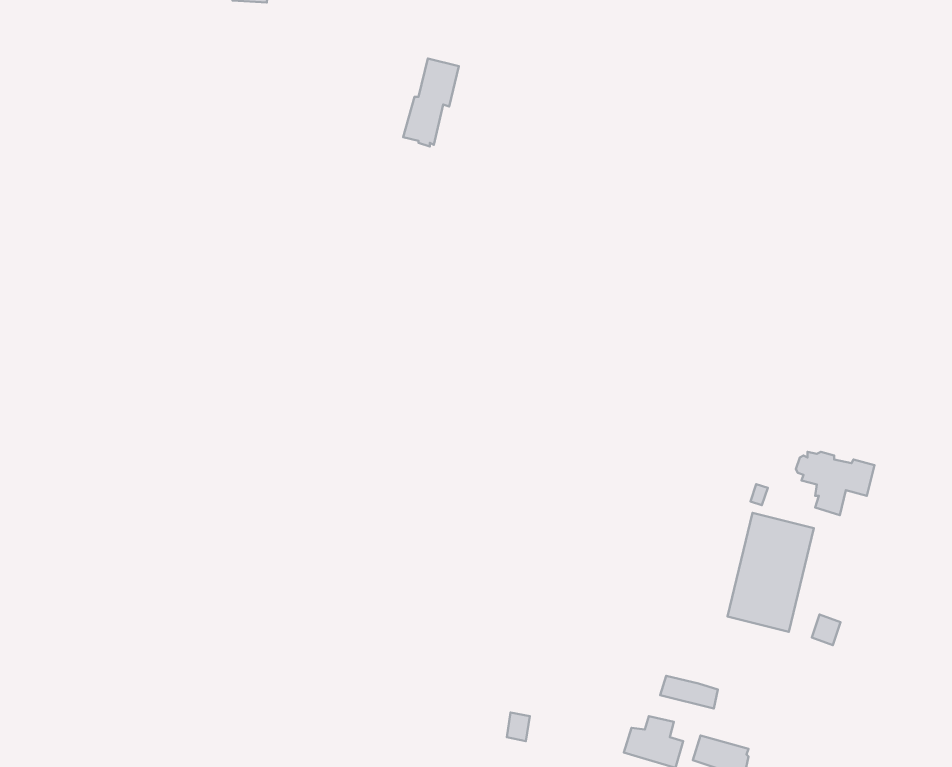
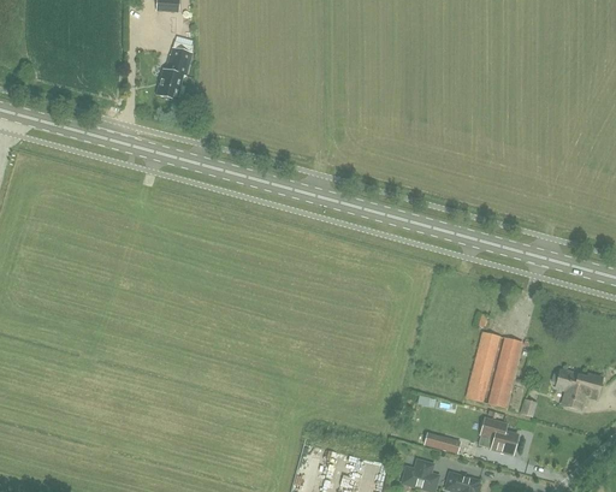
building: [403,58,459,147] -> [156,45,191,100]
building: [796,452,874,515] -> [552,369,602,409]
building: none -> [481,417,519,452]

